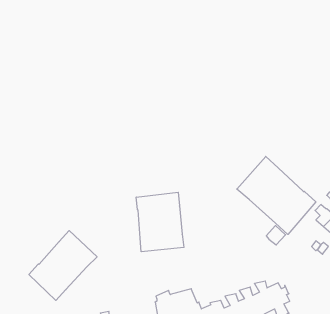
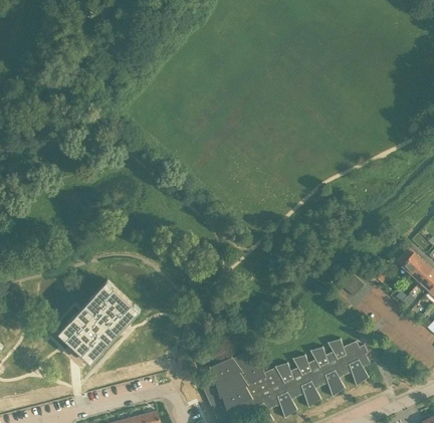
building: [237,156,316,234] -> none
building: [136,192,184,252] -> none

